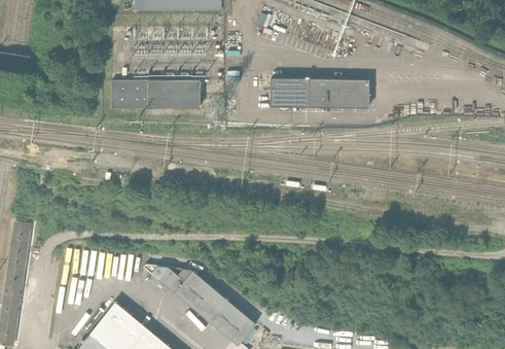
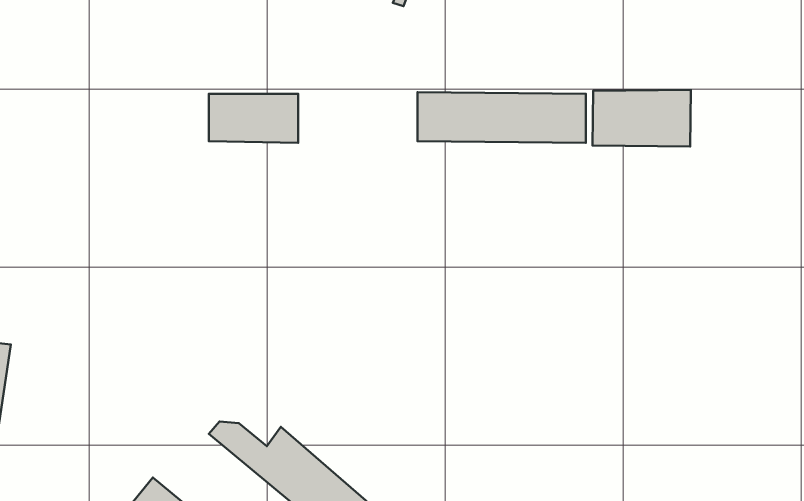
building: none -> [593,90,691,146]
building: [112,76,149,105] -> none

